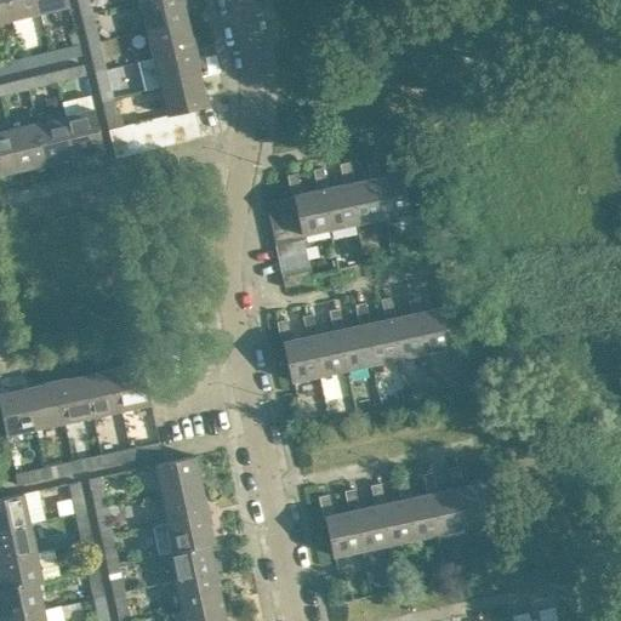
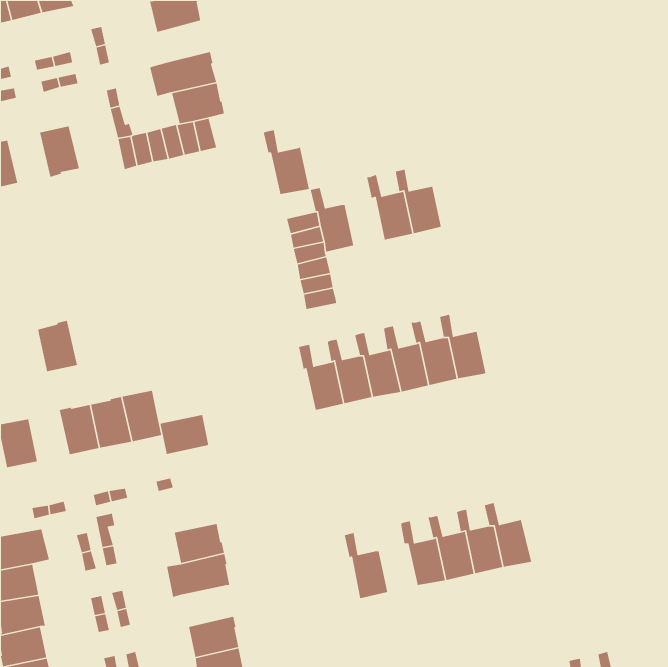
building: [146,21,195,59] -> none
building: [64,109,104,158] -> none
building: [7,124,46,171] -> none
building: [313,169,357,229] -> [263,129,310,195]
building: [27,381,64,429] -> [37,320,78,372]
building: [155,457,201,495] -> [160,414,209,455]
building: [344,490,387,551] -> none
building: [169,545,217,582] -> none

